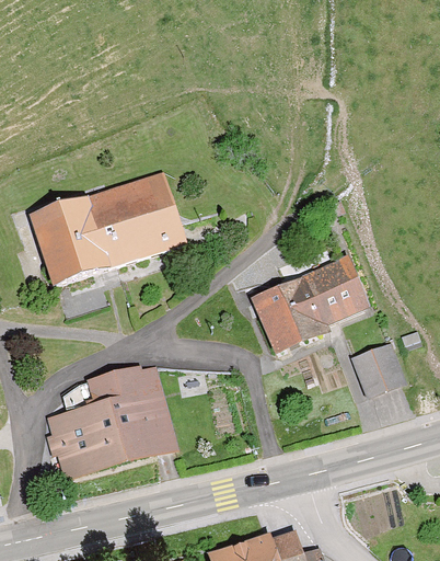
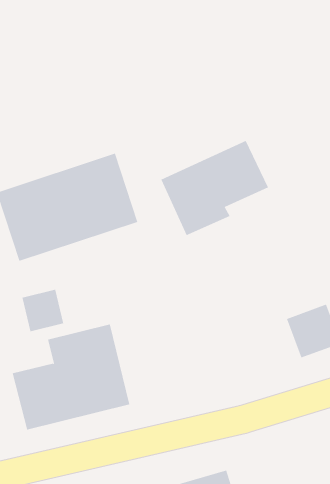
building: [253,255,373,362] -> [160,140,269,236]
building: none -> [22,289,64,332]

